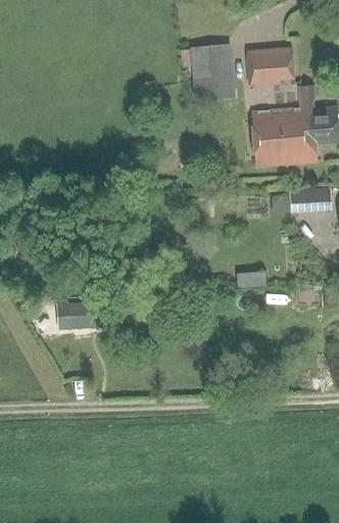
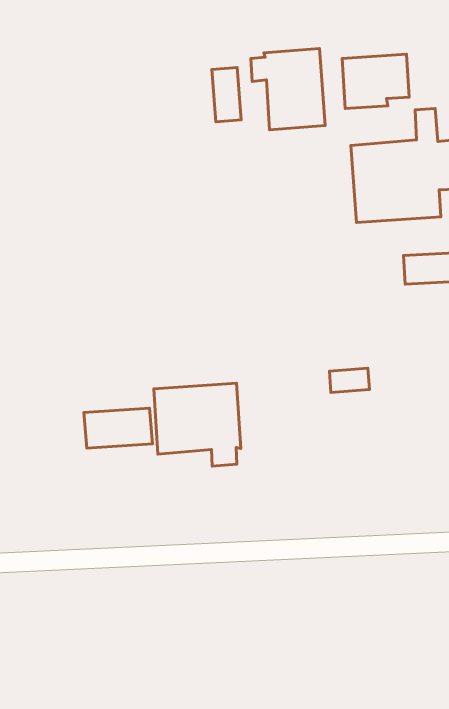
building: none -> [212,68,241,122]
building: none -> [154,383,241,466]

